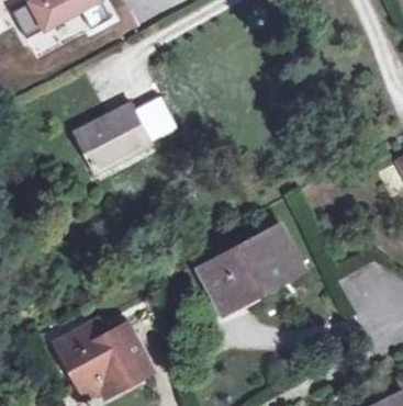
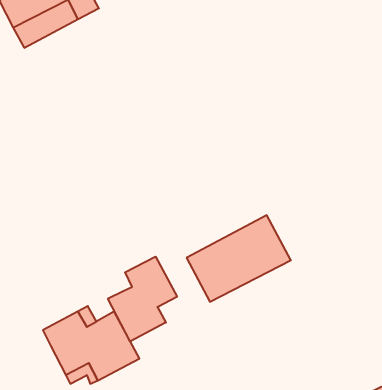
building: [75,97,178,176] -> none
building: none -> [108,257,177,341]

